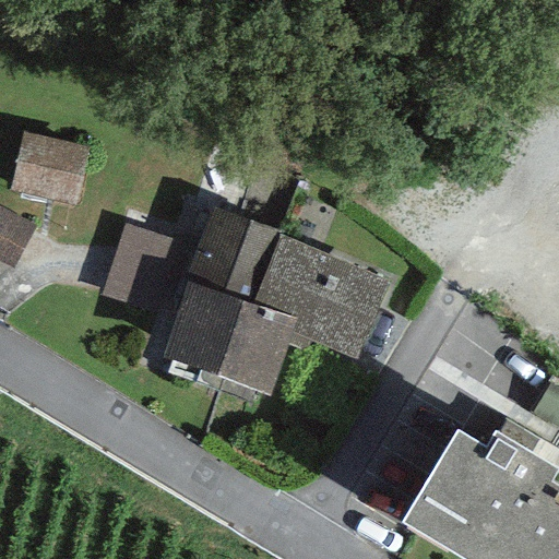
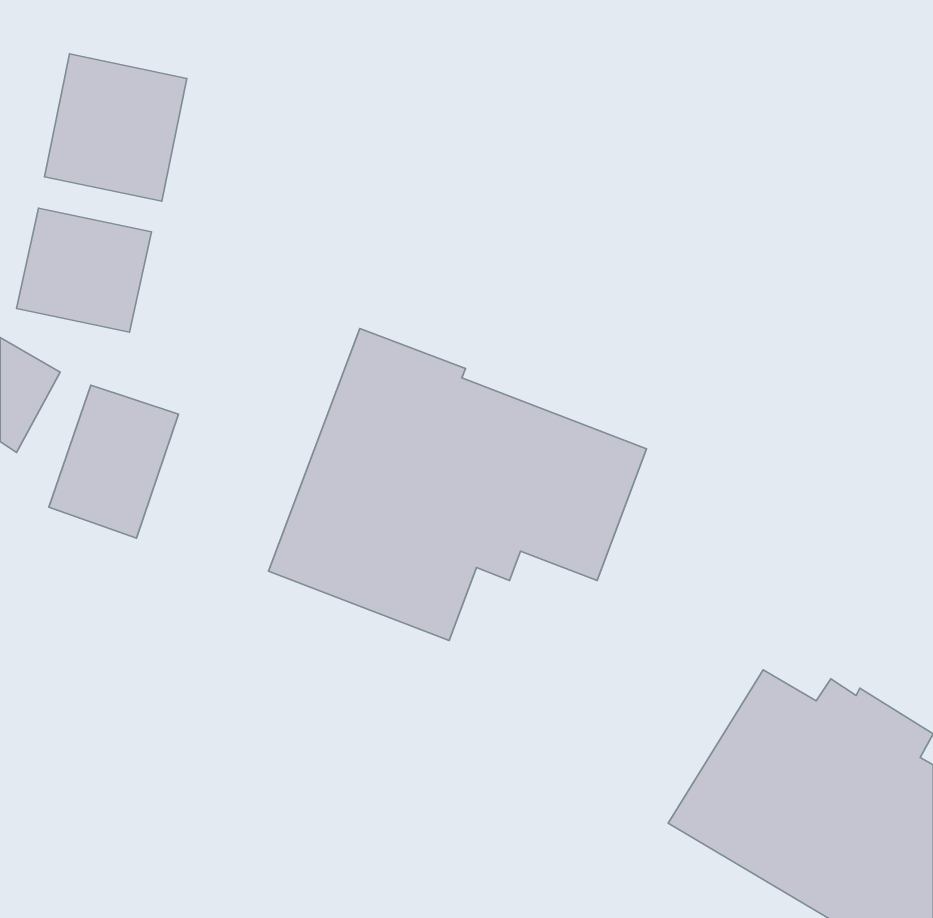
building: none -> [45,54,187,201]
building: [103,230,180,322] -> [49,385,178,538]

